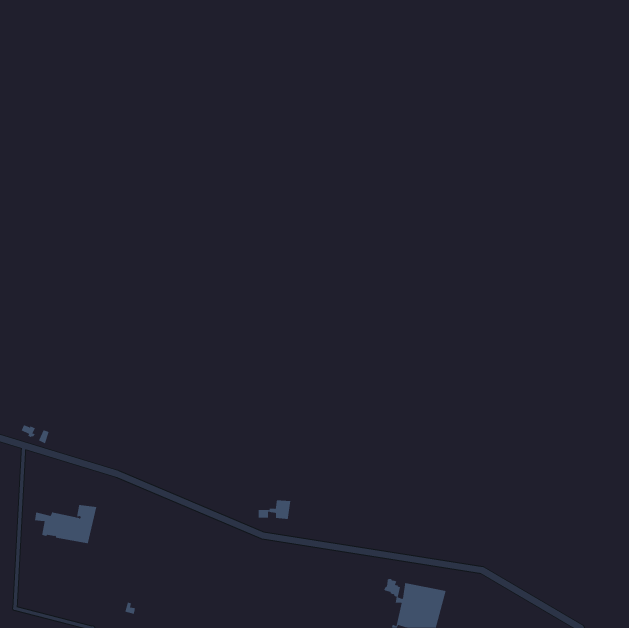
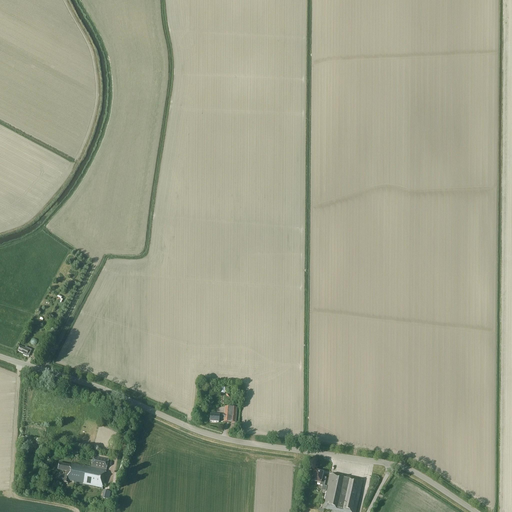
building: [34,504,97,544] -> [57,455,108,487]

